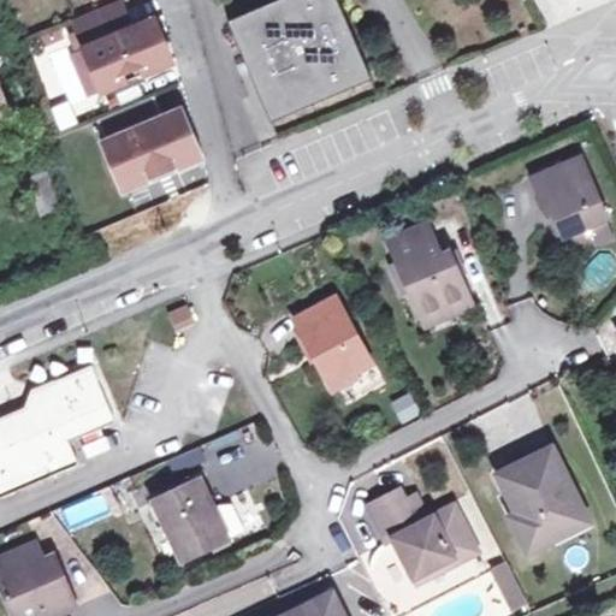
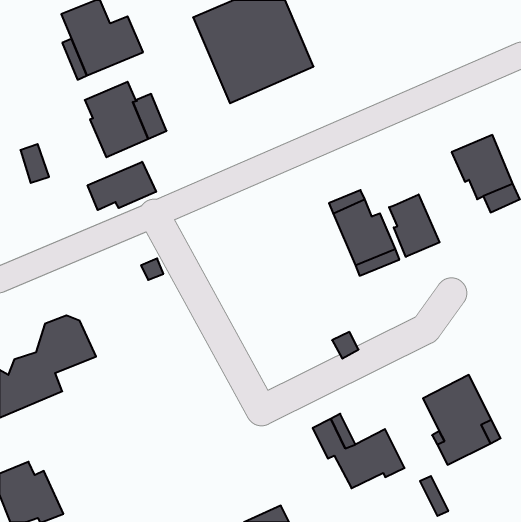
building: none -> [88,162,156,210]
building: none -> [389,194,440,257]
building: [294,297,371,384] -> none
building: [153,479,226,559] -> none

